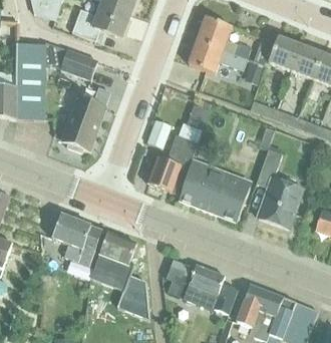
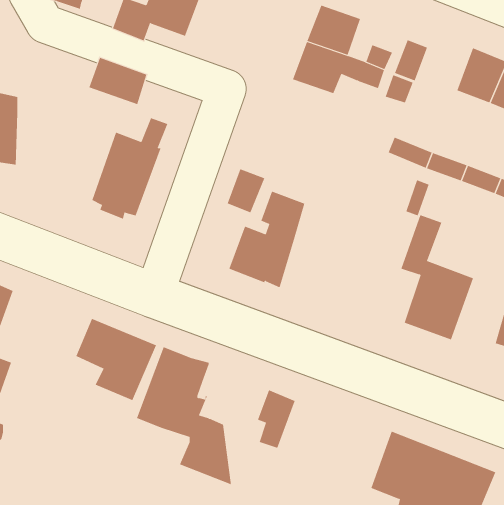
building: [268,35,301,70] -> none
building: [14,42,44,118] -> none
building: [179,162,250,222] -> none
building: [183,265,237,313] -> none

